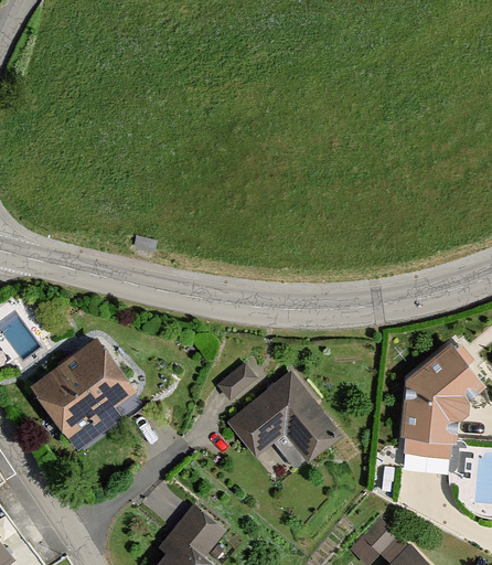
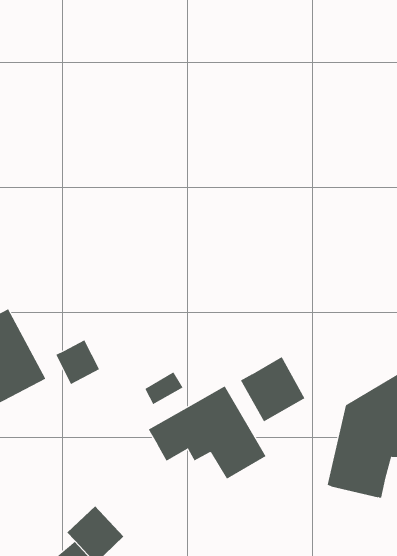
building: none -> [240,356,305,422]
building: none -> [56,340,100,385]

